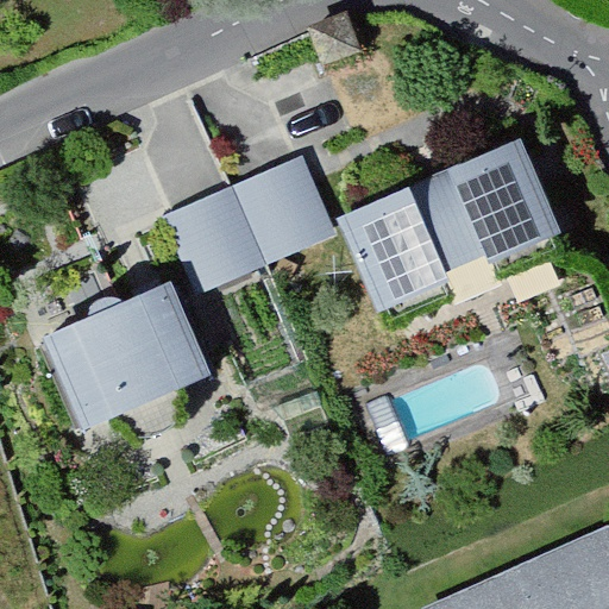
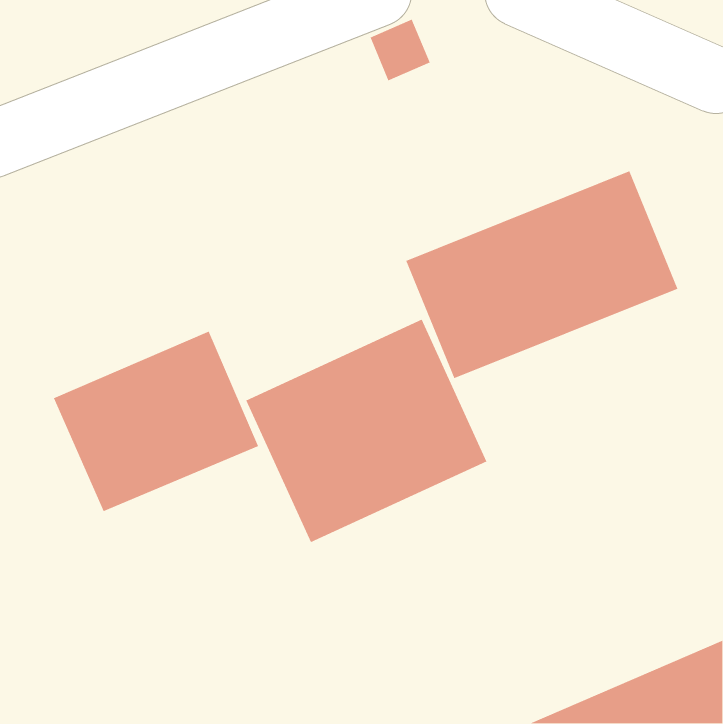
building: [162,155,332,291] -> none
building: none -> [245,319,487,543]

